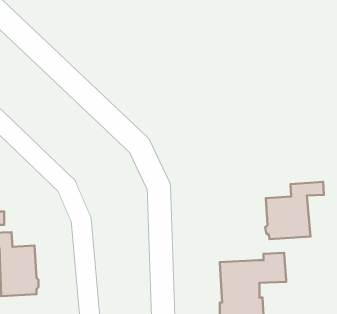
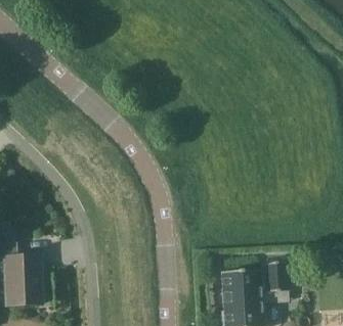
building: [265,182,324,239] -> none

